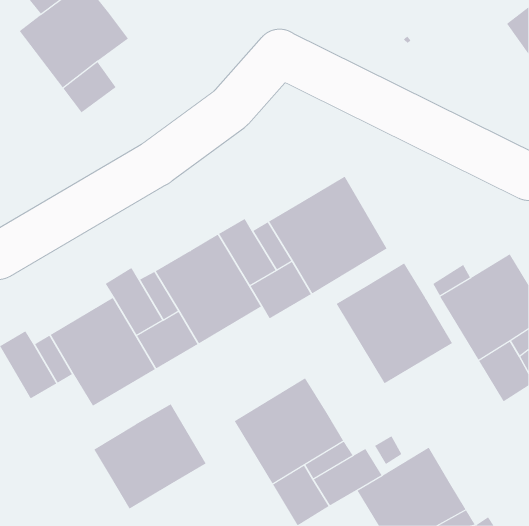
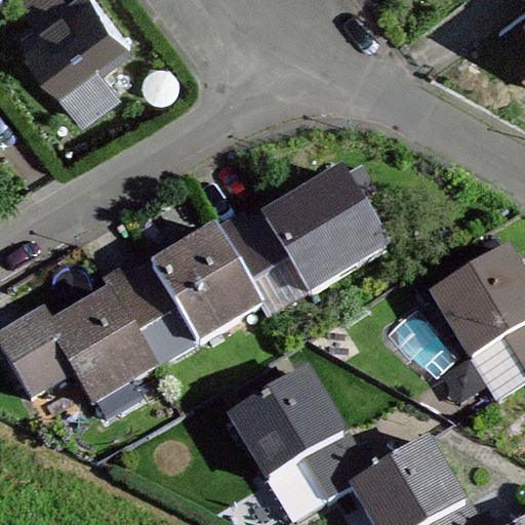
building: [336,262,453,384] -> none
building: [94,403,207,509] -> none

